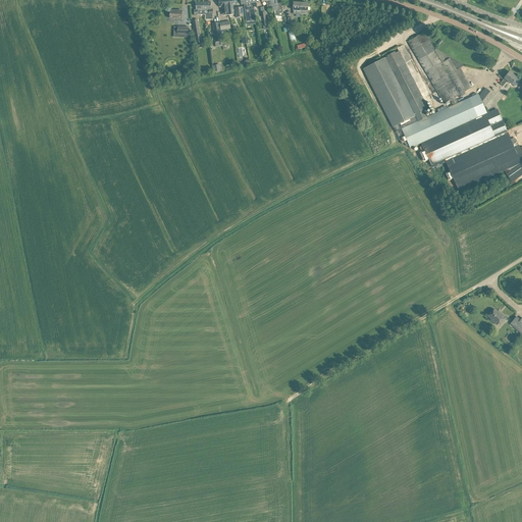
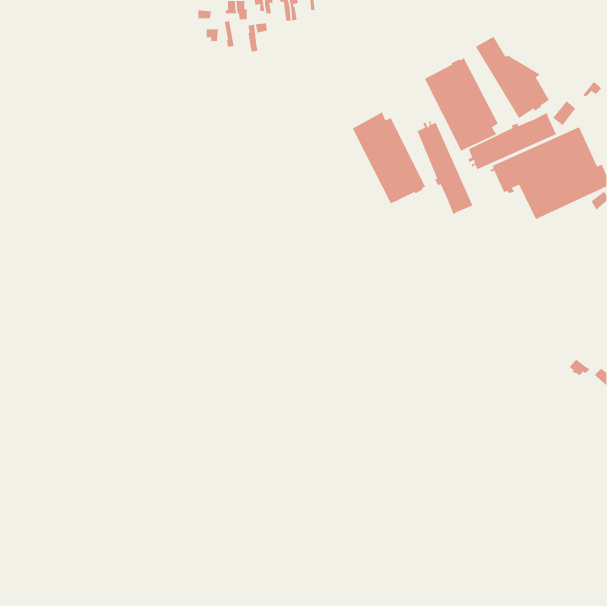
building: none -> [352,111,426,205]
building: none -> [416,120,474,215]

